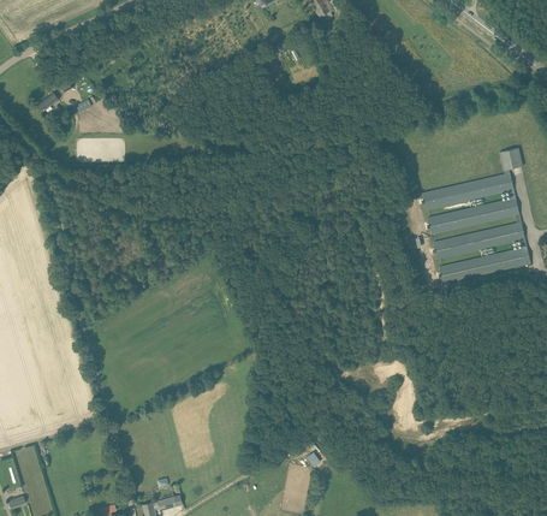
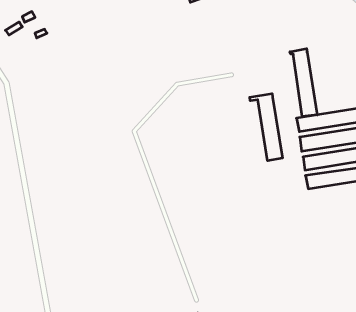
building: none -> [290,49,317,117]
building: none -> [250,94,282,161]

